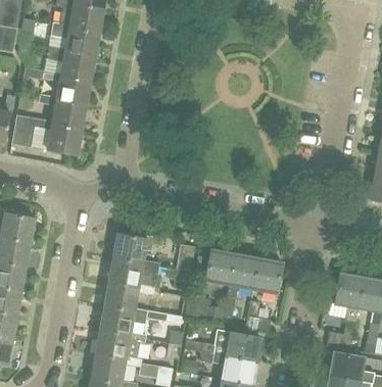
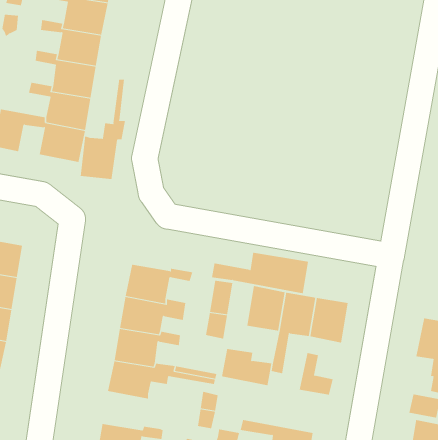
building: none -> [80,79,125,180]
building: [95,330,147,359] -> none
building: [186,330,260,361] -> [211,252,309,294]

